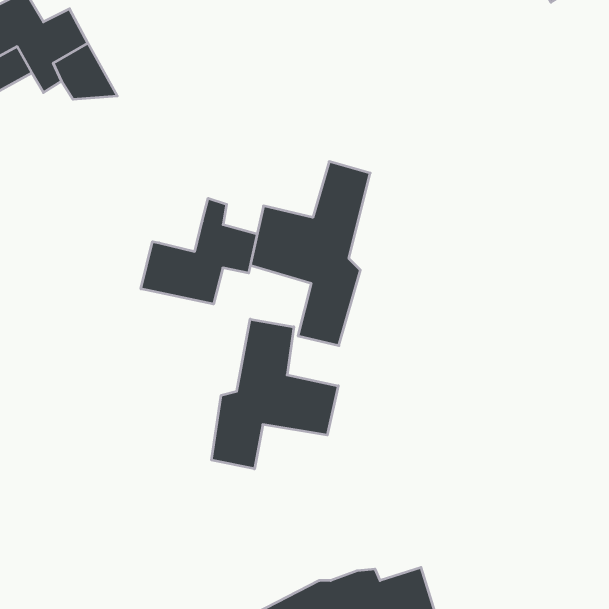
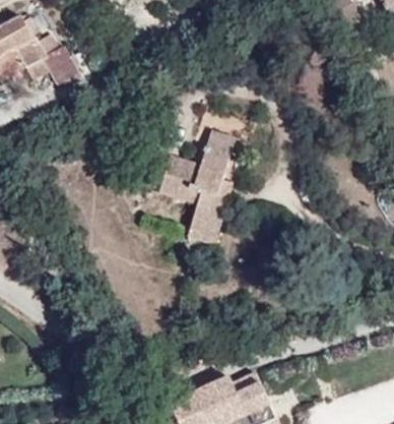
building: [141,198,257,304] -> none
building: [212,319,338,469] -> none

